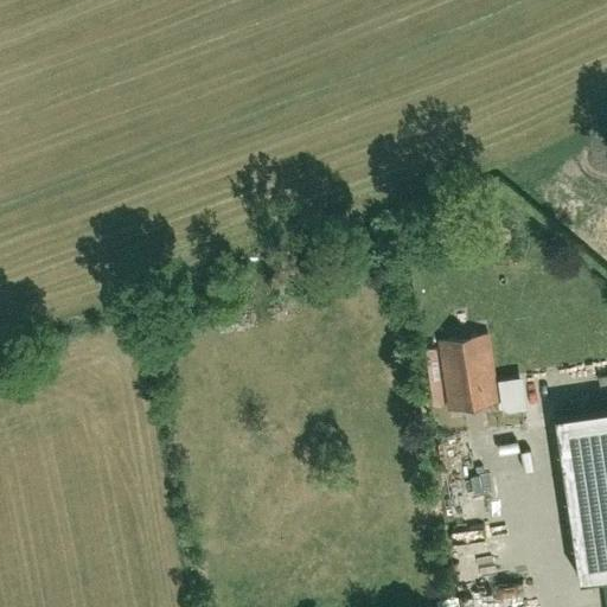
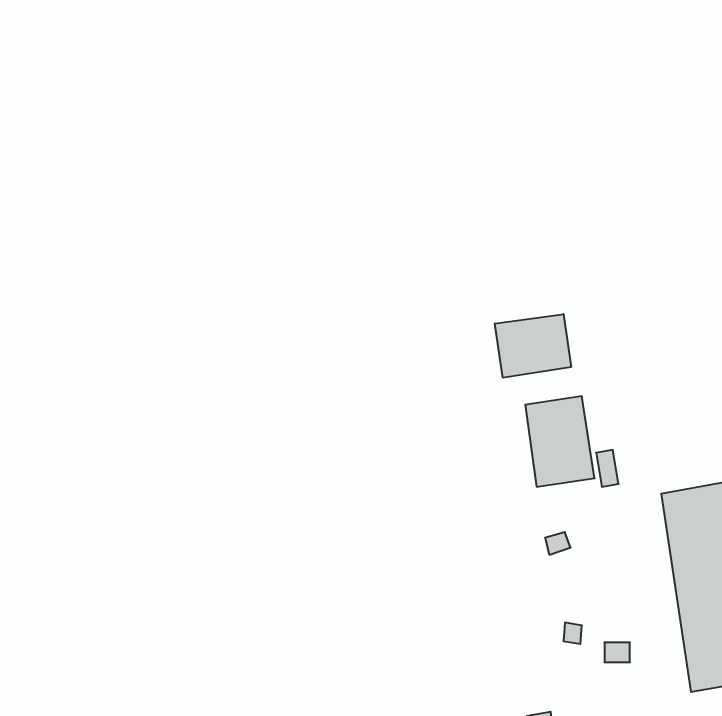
building: none -> [495,314,571,378]

